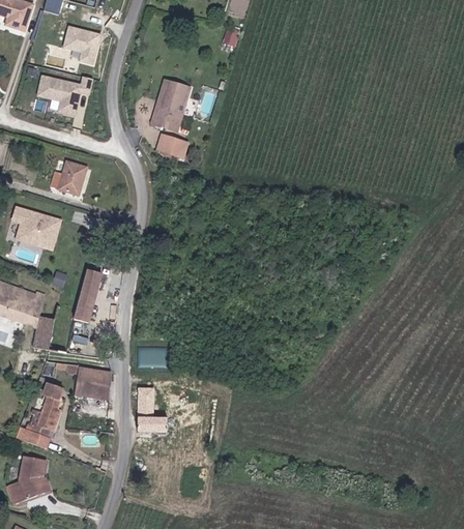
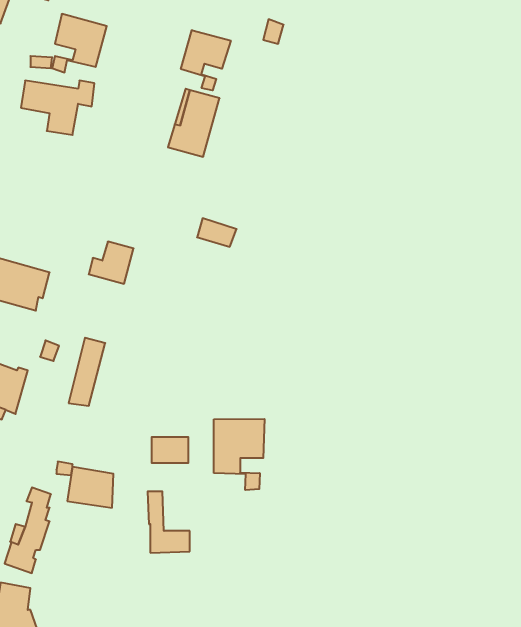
building: none -> [181,30,231,90]
building: [157,135,187,156] -> [197,218,237,247]
building: [51,163,85,195] -> [89,242,134,284]
building: [32,316,54,349] -> none
building: none -> [214,419,264,490]

